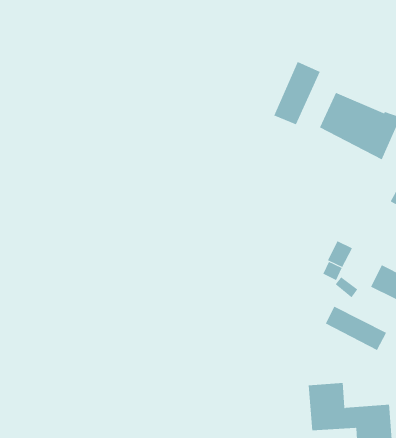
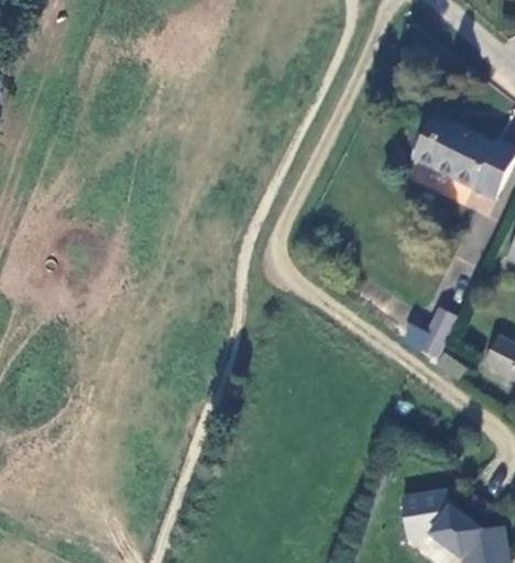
building: [274,61,321,125] -> none
building: [325,306,387,351] -> none

